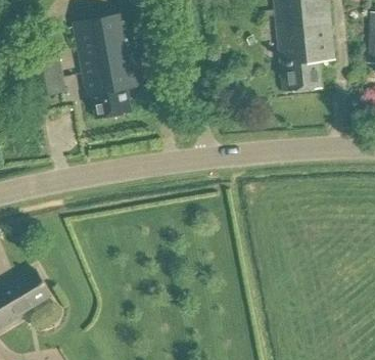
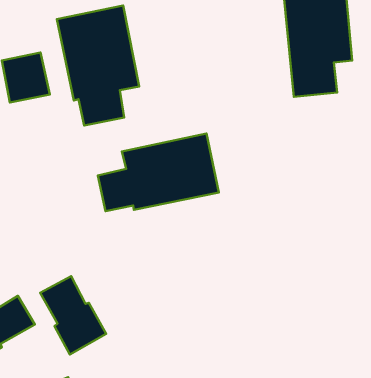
building: none -> [98,133,219,211]
building: none -> [40,276,106,354]

